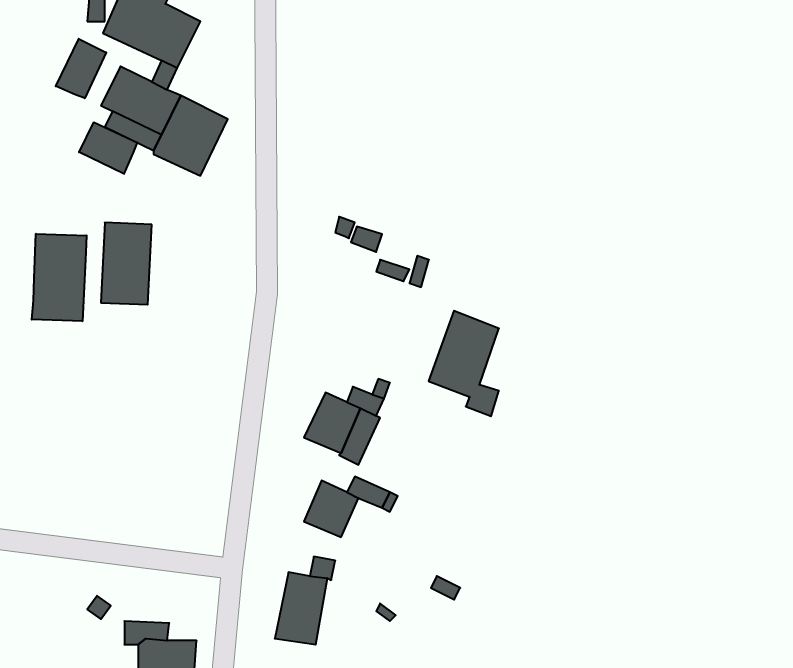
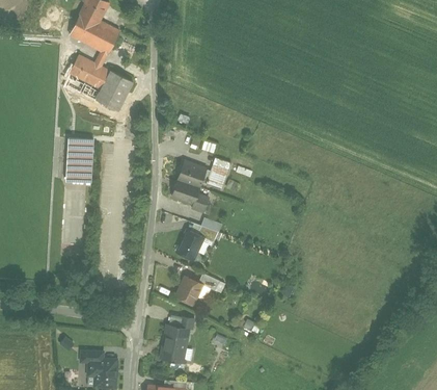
building: [56,39,106,98] -> none
building: [79,122,137,174] -> none
building: [32,234,87,321] -> none
building: [429,311,499,416] -> [167,164,204,220]

